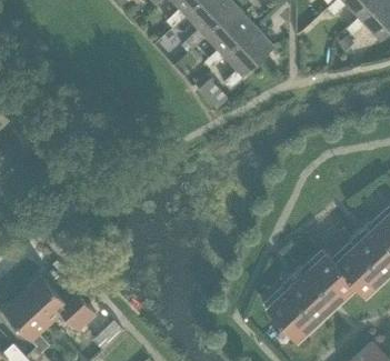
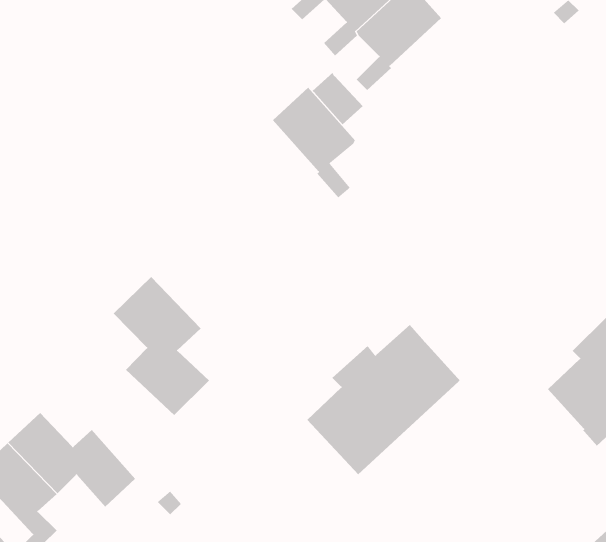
building: none -> [272,87,356,198]
building: none -> [113,276,210,416]
building: [267,253,357,341] -> [306,324,461,475]

